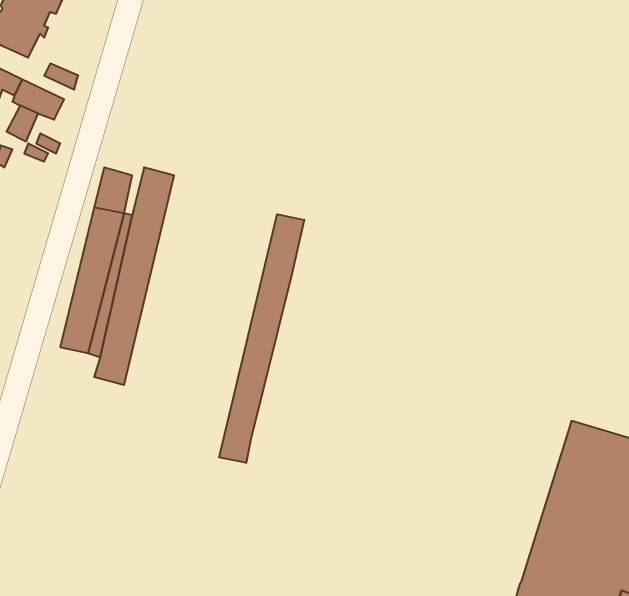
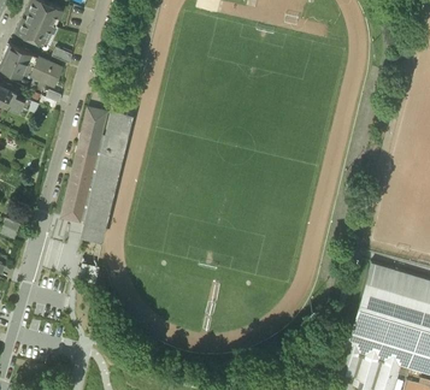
building: [219,214,304,463] -> none

